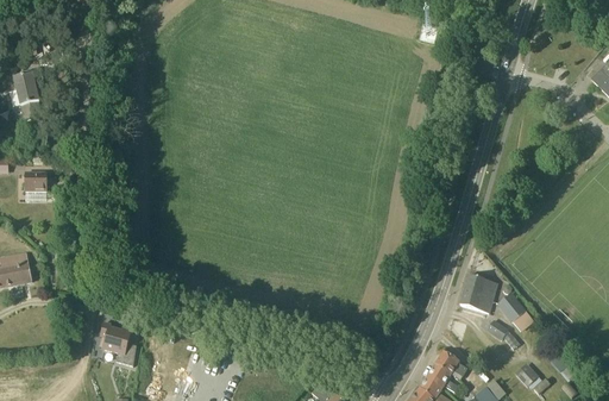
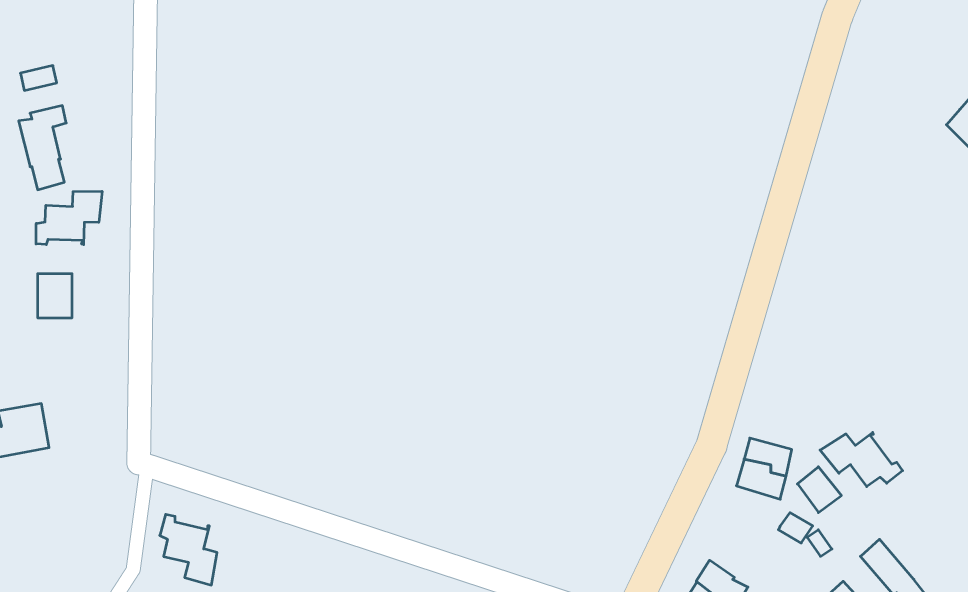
building: none -> [36,191,102,245]
building: none -> [820,432,903,487]

